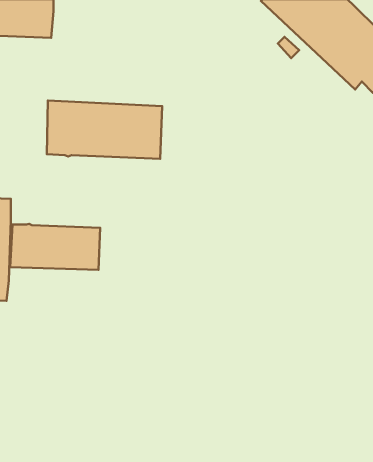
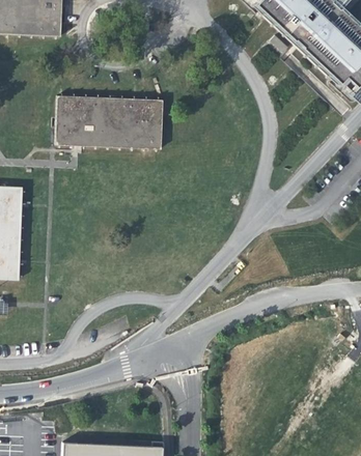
building: [10,224,100,270] -> none

